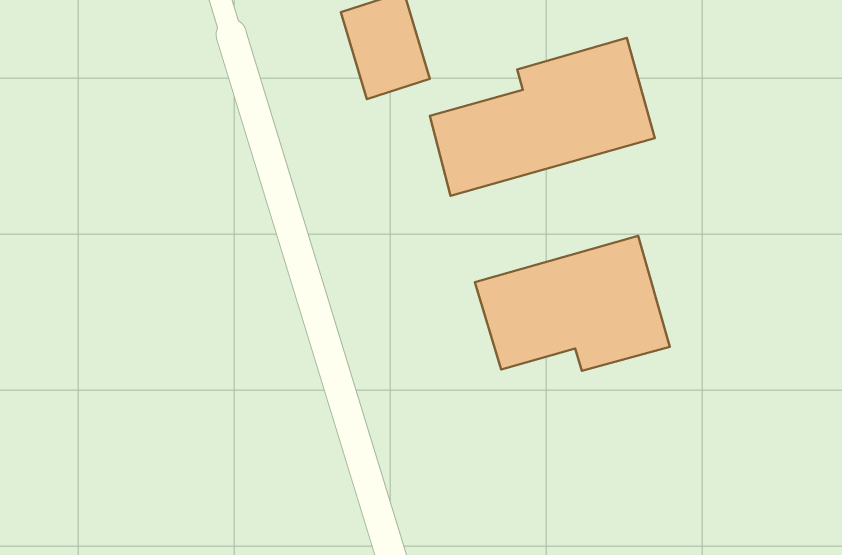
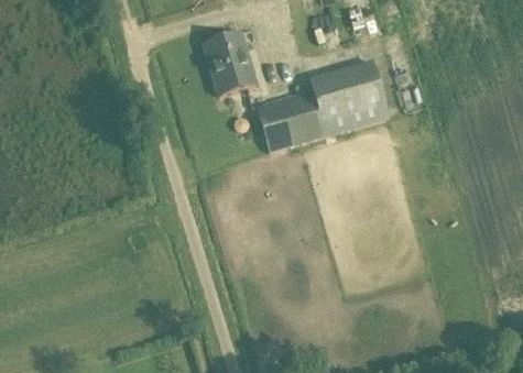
building: [475,236,670,371] -> none

